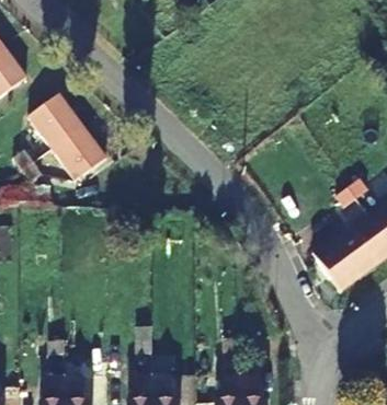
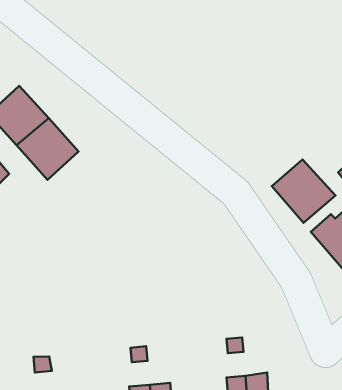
building: none -> [272,160,336,223]

